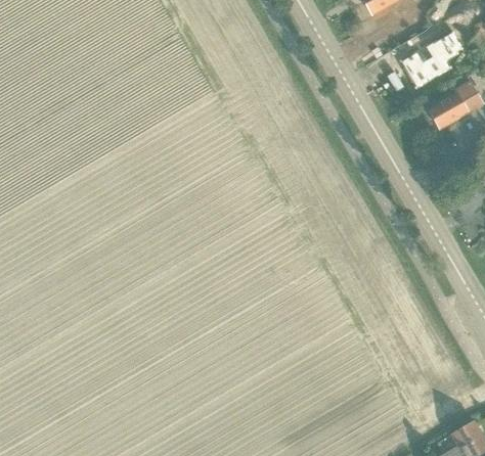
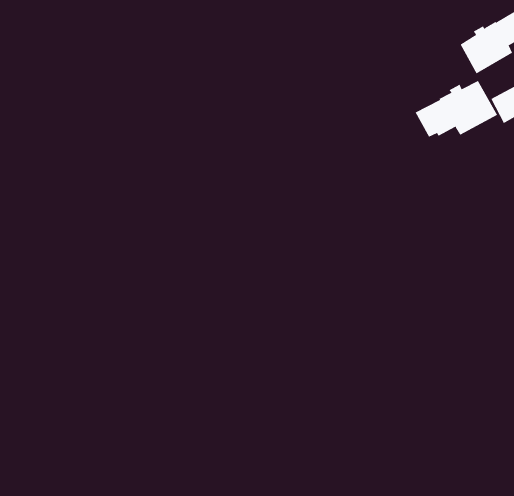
building: none -> [415,80,498,137]

